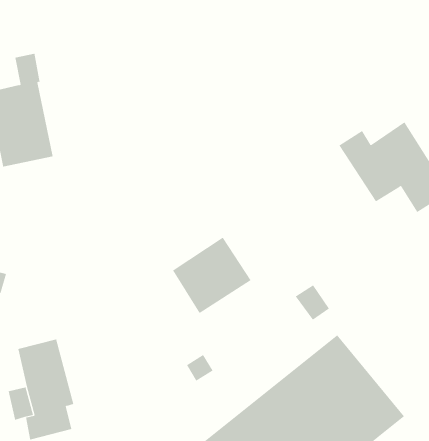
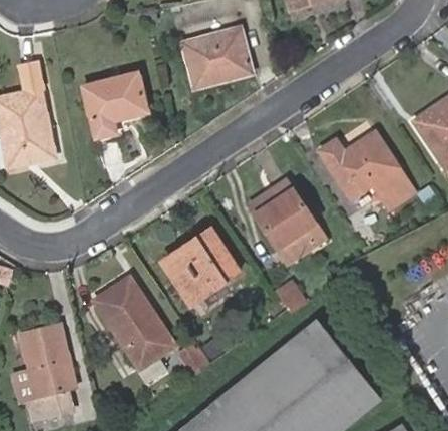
building: none -> [181,23,257,88]
building: none -> [80,67,154,141]
building: none -> [253,185,330,266]
building: none -> [93,278,172,368]

